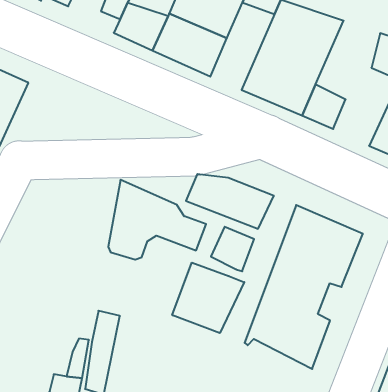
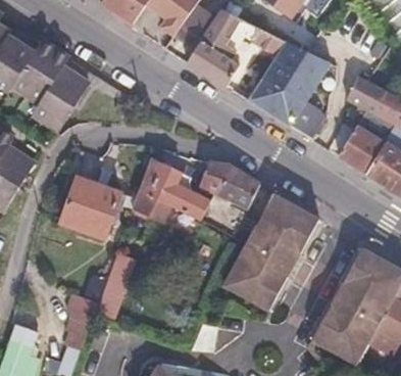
building: none -> [68,173,121,231]
building: [172,263,244,333] -> none

